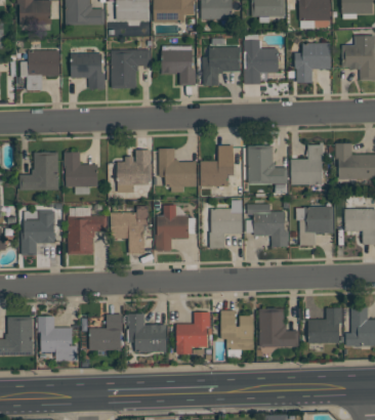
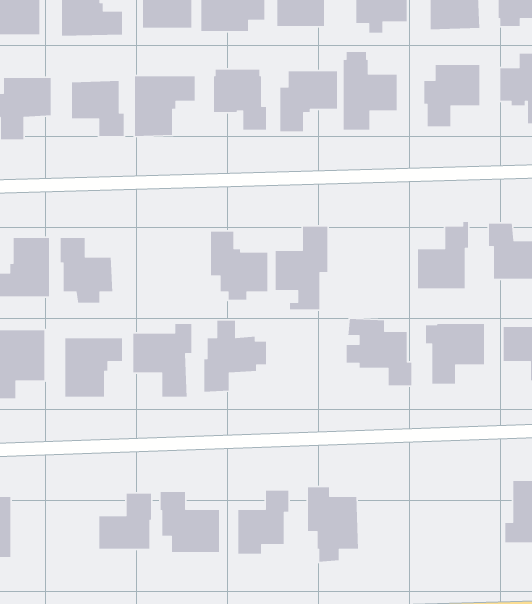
building: [247,146,287,183] -> none
building: [117,151,151,193] -> none
building: [209,209,242,249] -> none
building: [307,308,341,343] -> none
building: [258,309,298,347] -> none
building: [37,317,77,362] -> none

